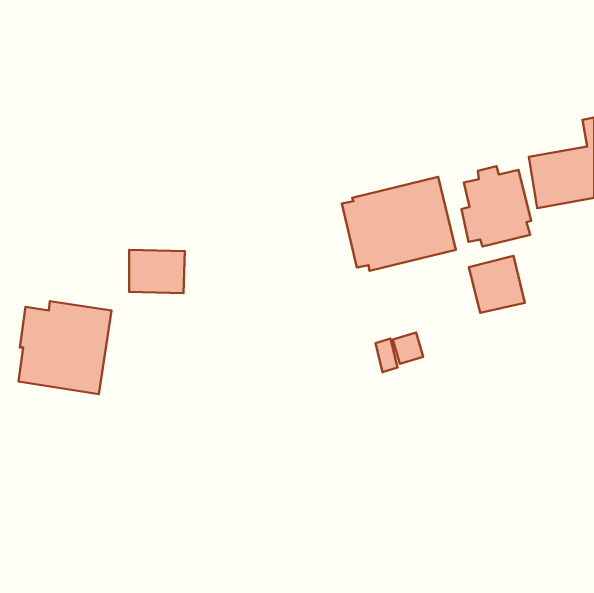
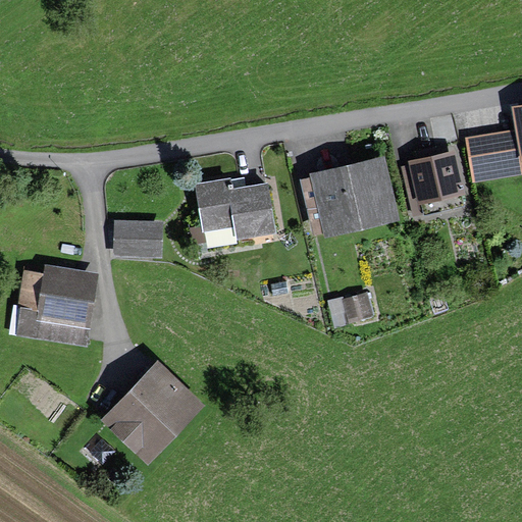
building: none -> [189,175,275,254]
building: [469,256,525,313] -> none
building: none -> [100,360,205,465]

